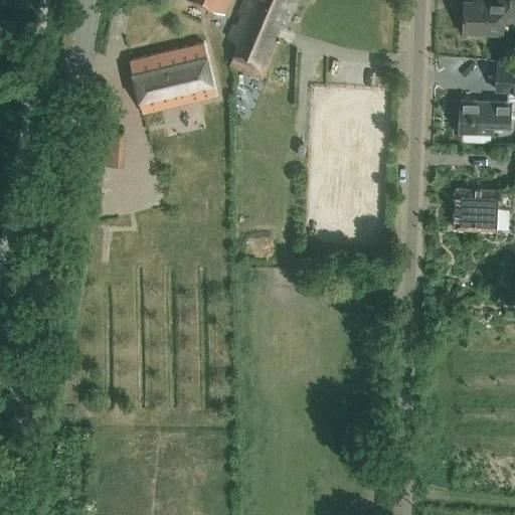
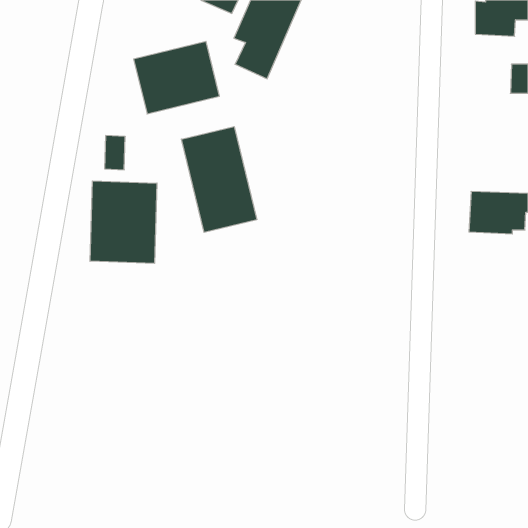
building: [459,102,508,135] -> none
building: none -> [181,127,257,232]
building: none -> [90,181,157,263]

